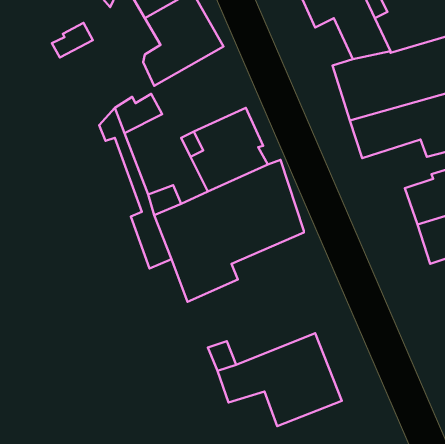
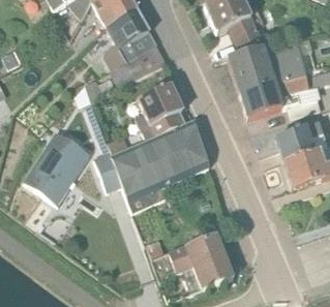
building: none -> [111,43,167,86]
building: none -> [24,130,90,202]

